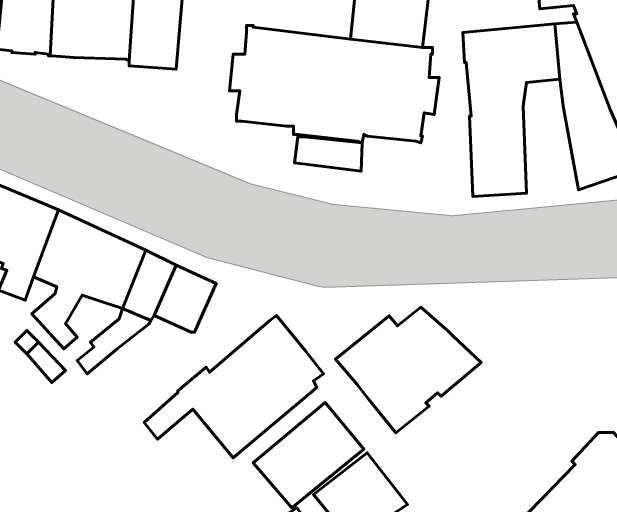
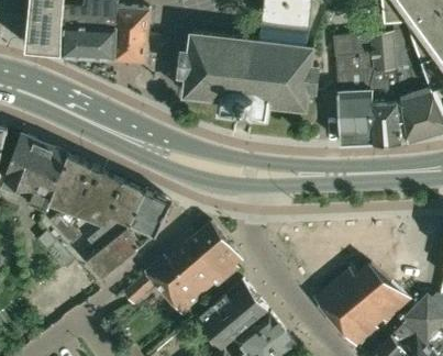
building: none -> [372,68,408,143]
building: [295,137,362,171] -> none
building: [335,307,481,433] -> [313,265,409,347]
building: none -> [86,223,154,278]

